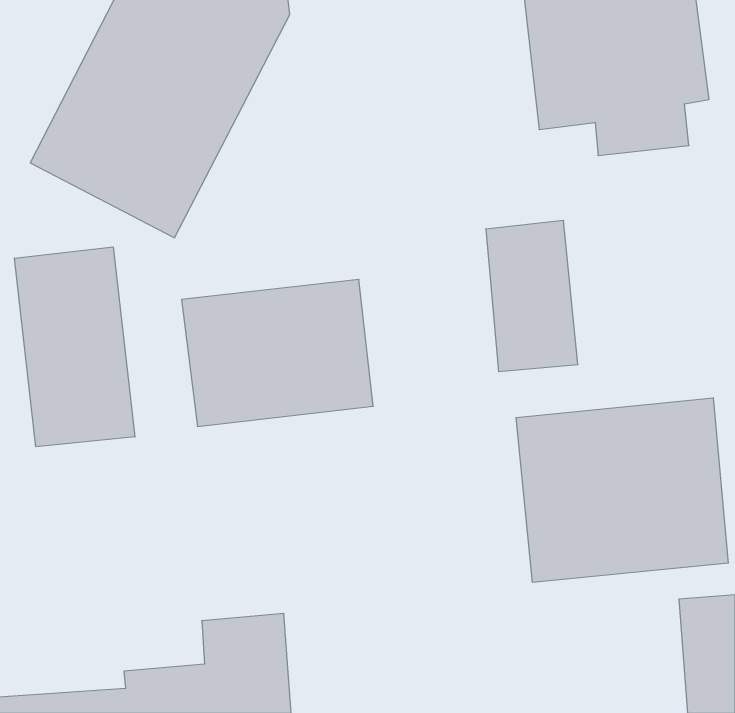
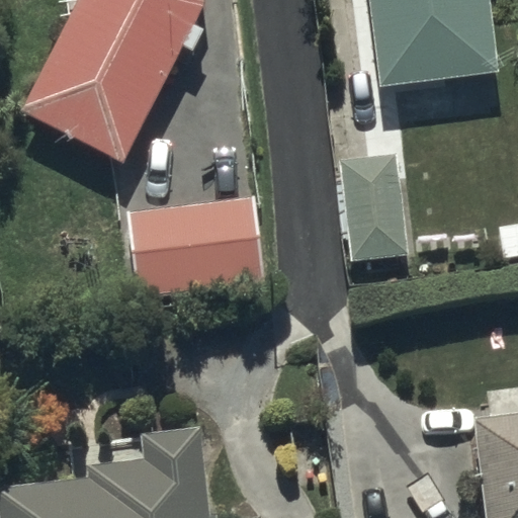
building: [14,247,135,447] -> none
building: [516,398,728,582] -> none

